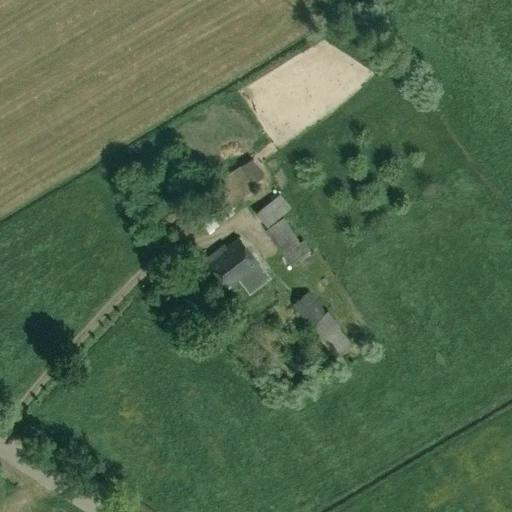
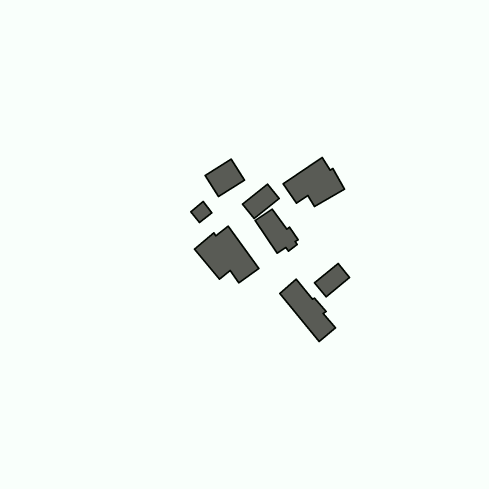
building: none -> [283,158,345,206]
building: none -> [315,264,350,297]

